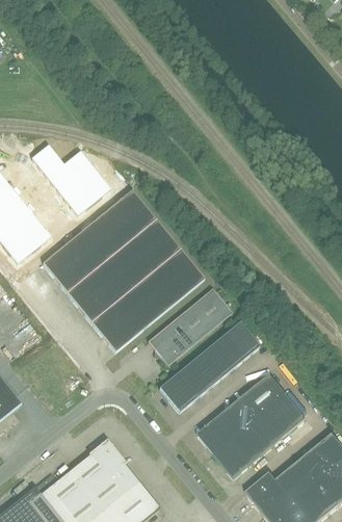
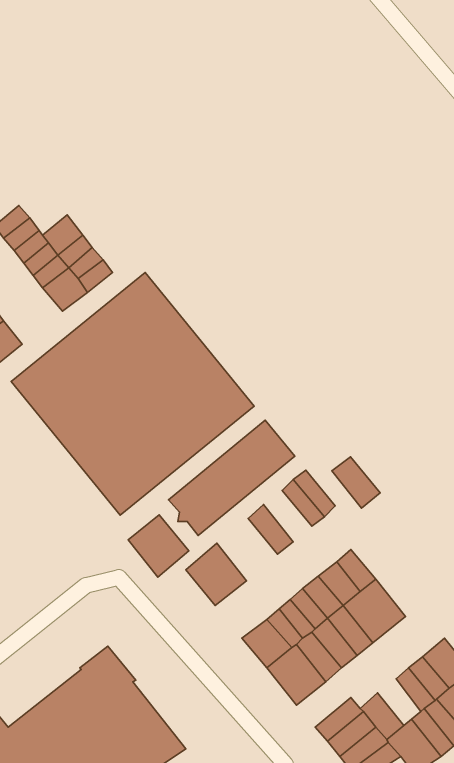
building: [211,335,243,369] -> [332,457,380,508]
building: [180,354,220,395] -> [128,515,189,577]
building: [287,461,316,492] -> none

